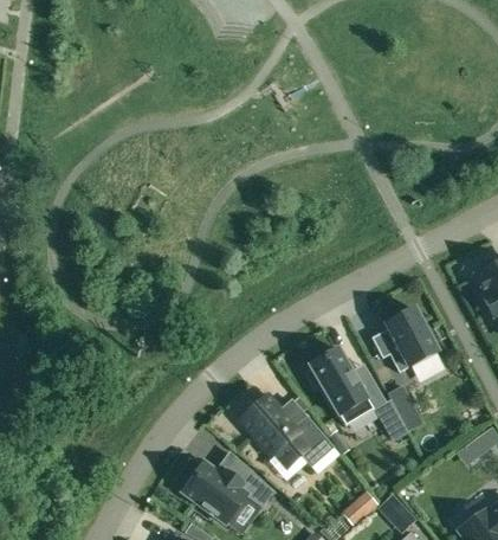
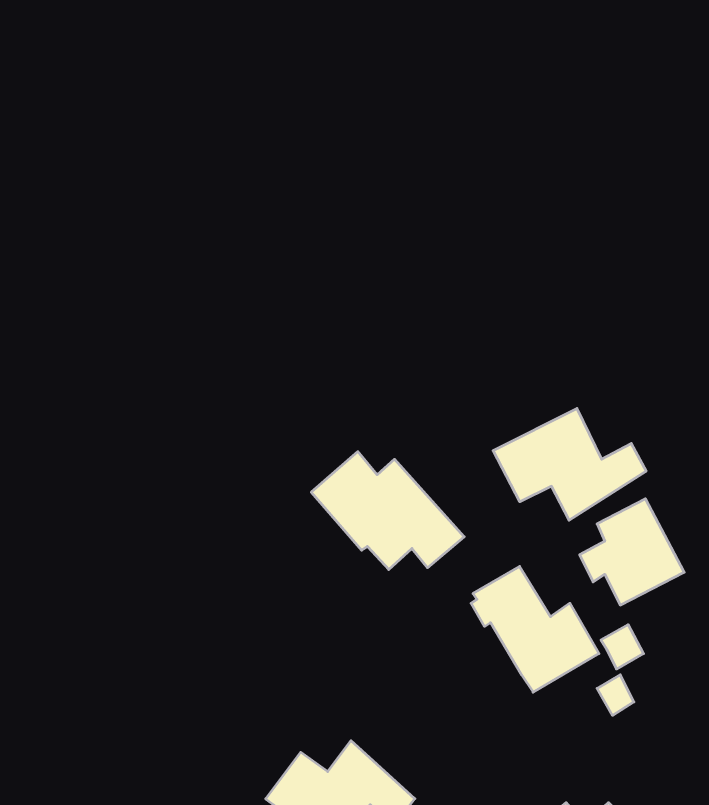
building: none -> [493,408,646,520]
building: [240,394,334,467] -> [311,452,464,570]

